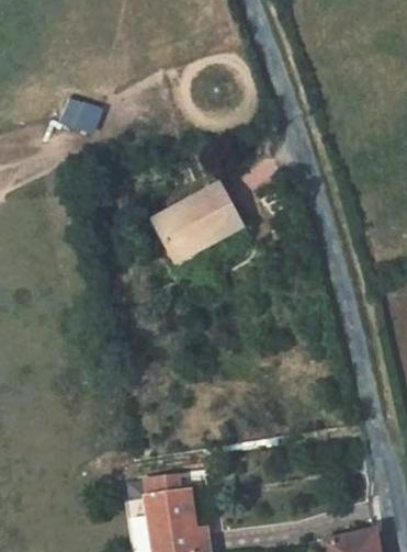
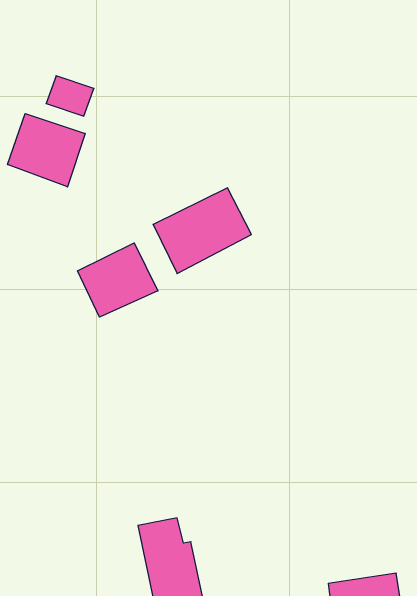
building: none -> [8,114,85,187]
building: none -> [78,243,158,317]

